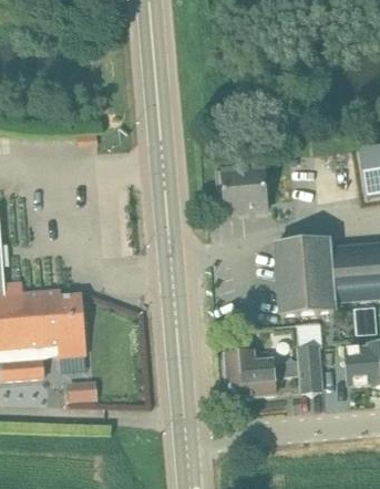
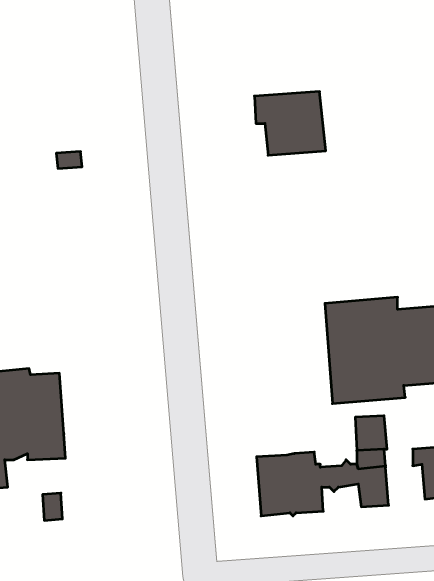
building: [215,165,267,211] -> [254,92,326,155]

